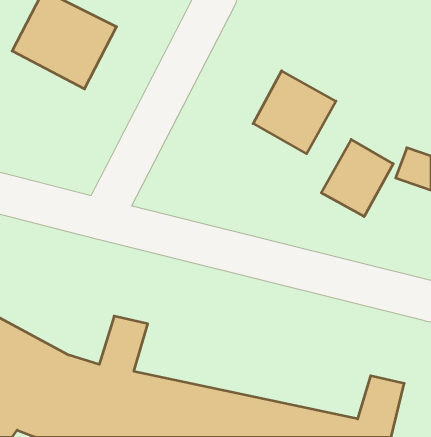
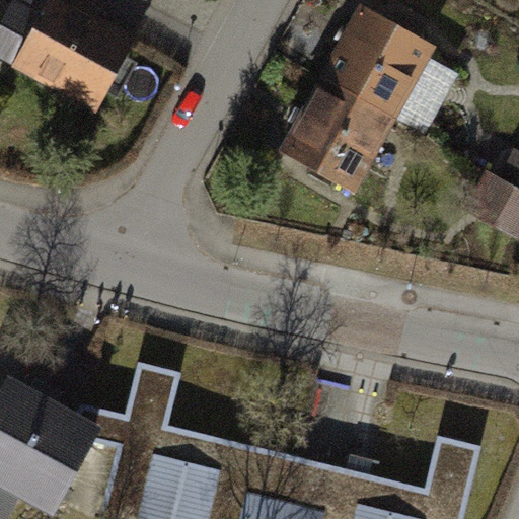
building: none -> [330,23,429,119]
building: [321,139,393,217] -> none

